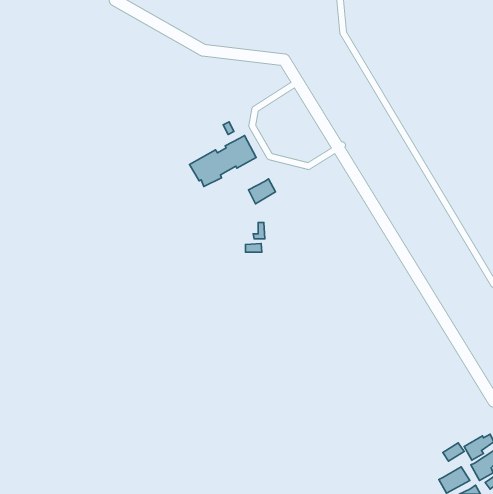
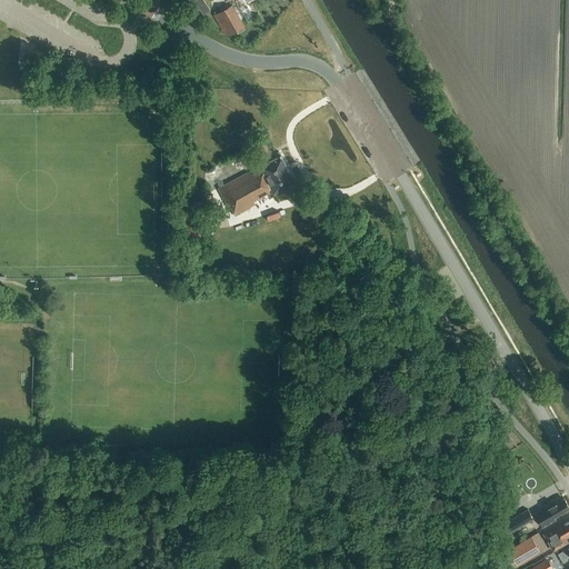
building: none -> [216,7,244,38]
building: [249,179,276,204] -> none

